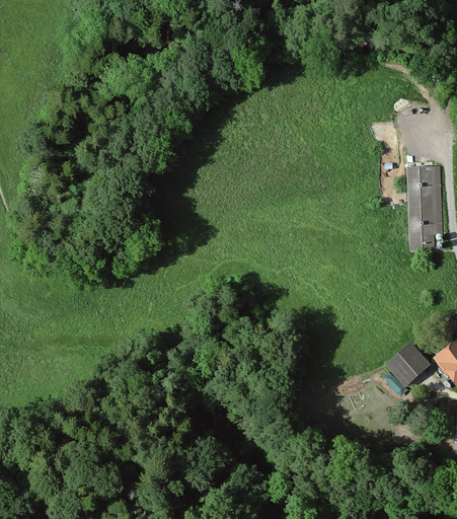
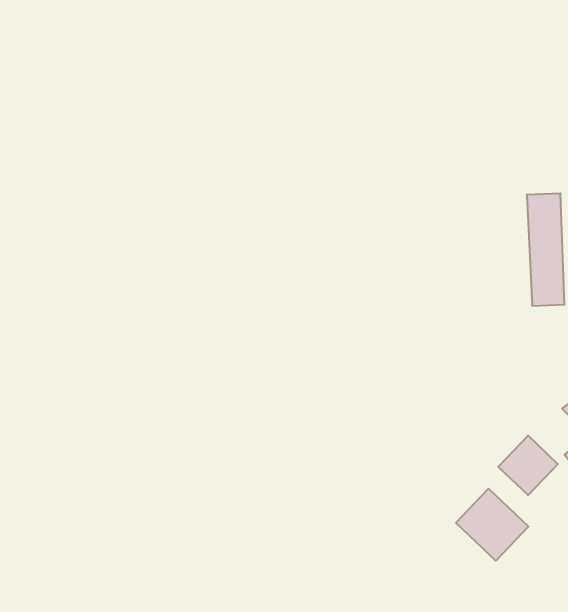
building: none -> [456,489,528,561]

